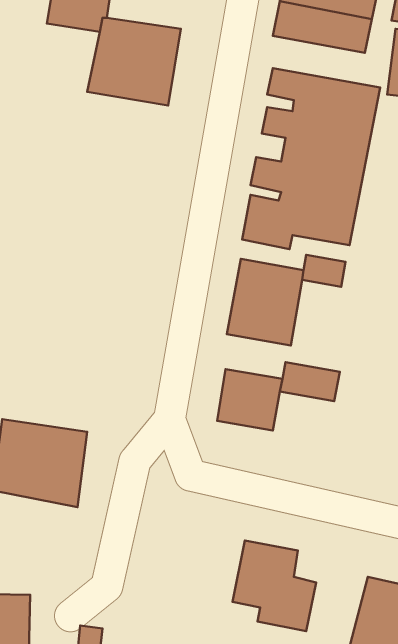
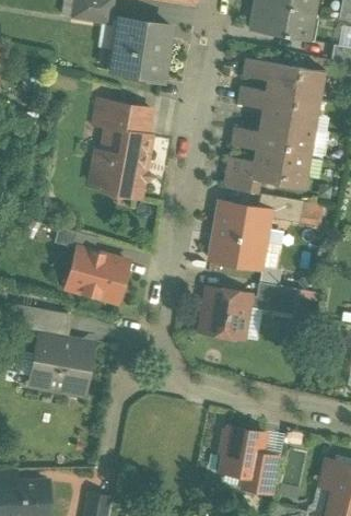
building: none -> [80,92,157,201]
building: none -> [61,246,133,312]

